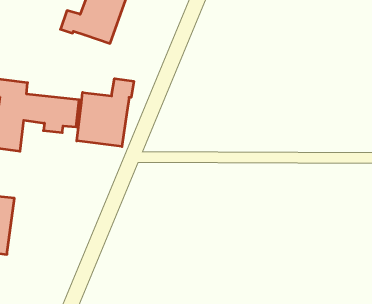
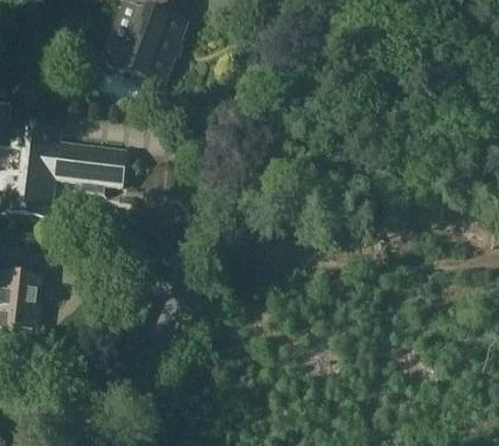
building: [77,79,134,147] -> none

